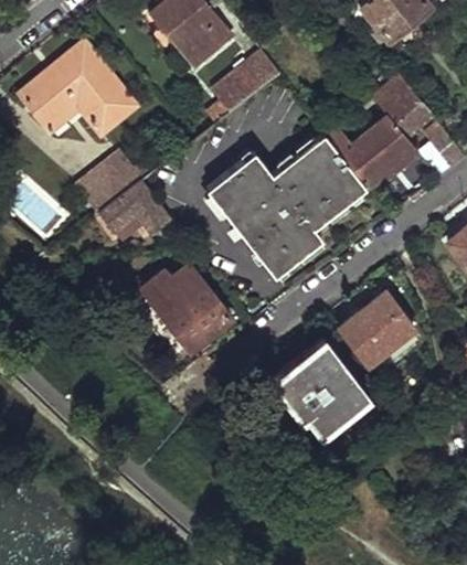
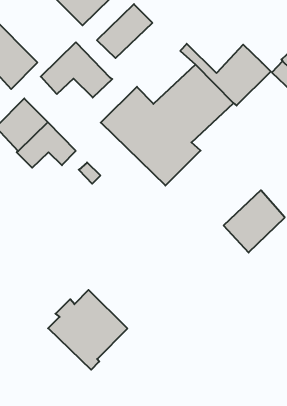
building: [373,75,435,138] -> none
building: none -> [41,42,112,98]
building: [132,265,229,362] -> [48,290,127,370]
building: [270,340,367,433] -> none

